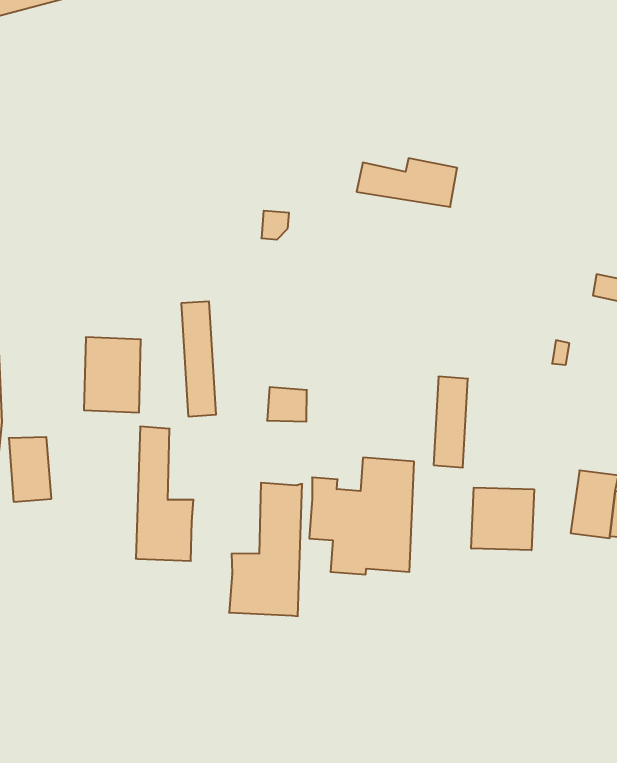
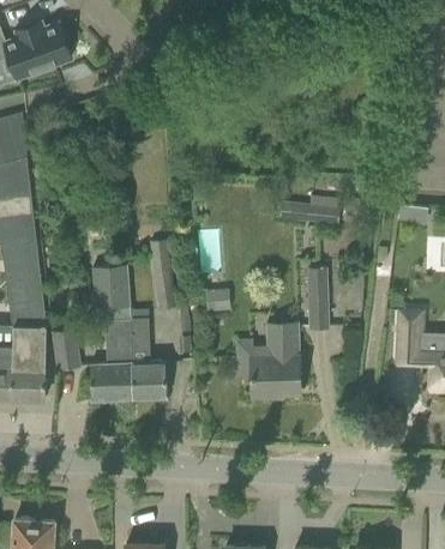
building: [357,158,457,207] -> [278,197,338,224]
building: [229,483,302,616] -> [90,319,133,400]
building: [471,488,534,550] -> none

